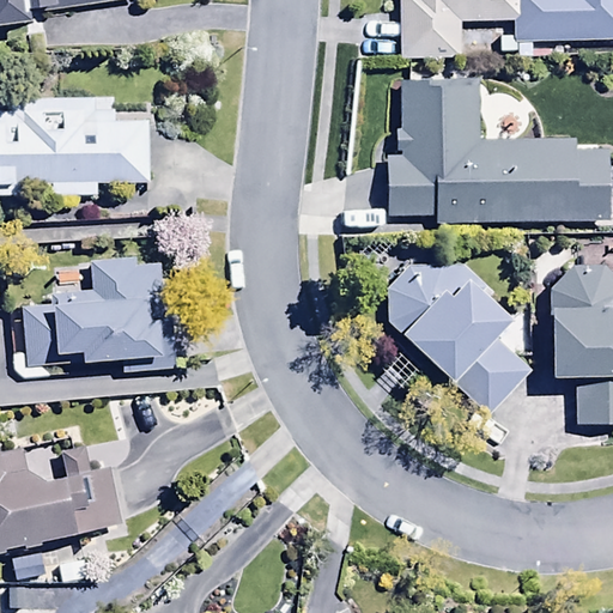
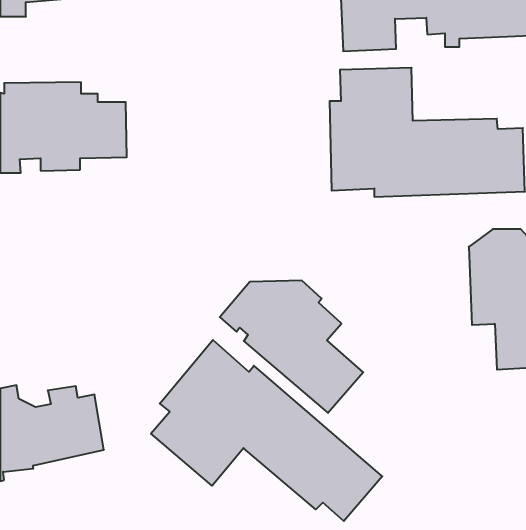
building: [24,255,165,364] -> none
building: [369,261,534,413] -> [220,281,363,413]
building: none -> [151,340,382,521]

